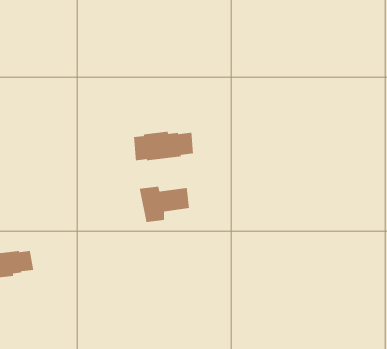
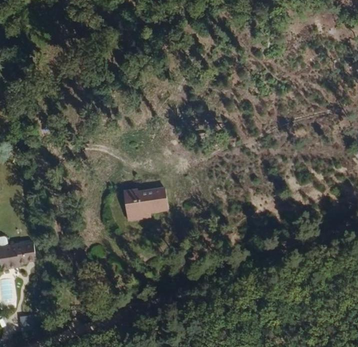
building: [133,131,194,161] -> none

